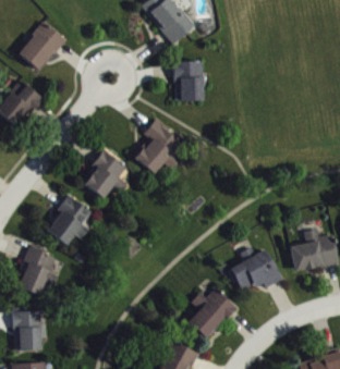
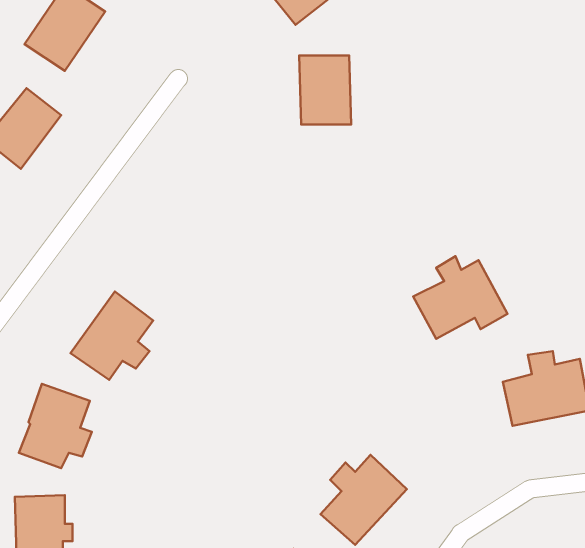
building: [134,121,182,174] -> none
building: [84,150,126,199] -> none
building: [228,247,281,294] -> [413,256,507,339]

